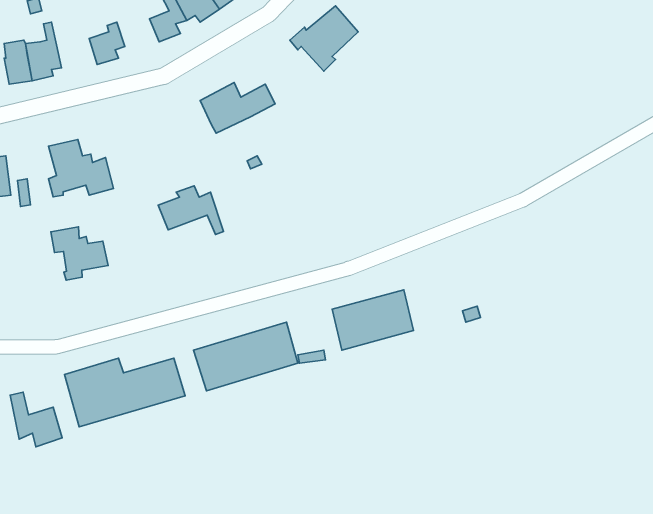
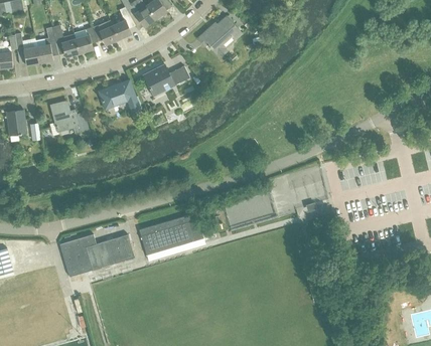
building: none -> [92,20,118,45]
building: none -> [51,25,80,57]
building: [158,186,224,235] -> [99,82,139,113]
building: [51,227,108,280] -> none
building: [10,392,62,447] -> none

